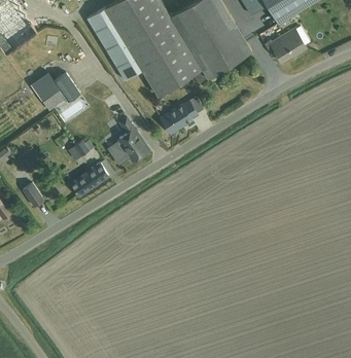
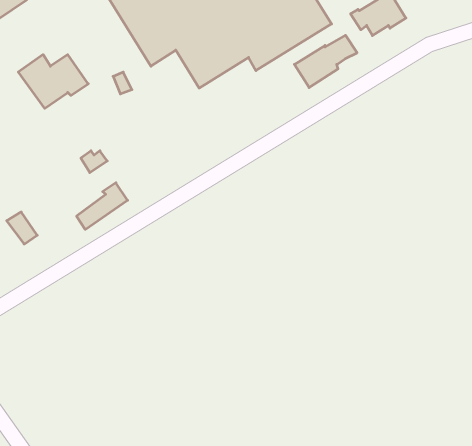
building: [160,97,204,134] -> [294,35,357,88]
building: [107,117,148,162] -> none

